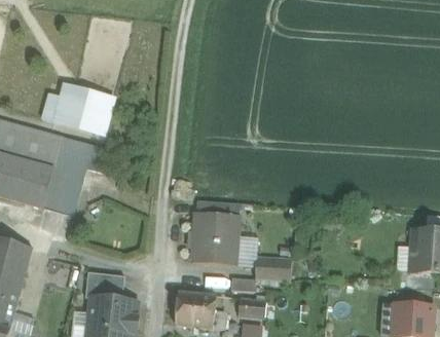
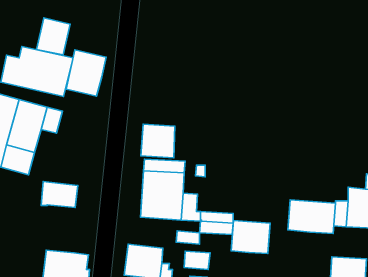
building: none -> [36,18,70,55]
building: none -> [66,50,106,96]
building: none -> [141,124,175,158]
building: none -> [288,200,335,233]
building: none -> [231,220,270,253]
building: [85,272,124,300] -> [41,182,78,208]

